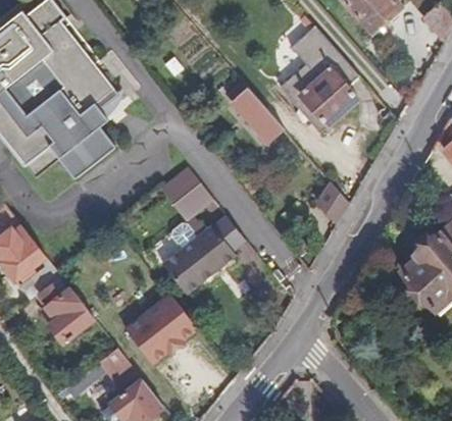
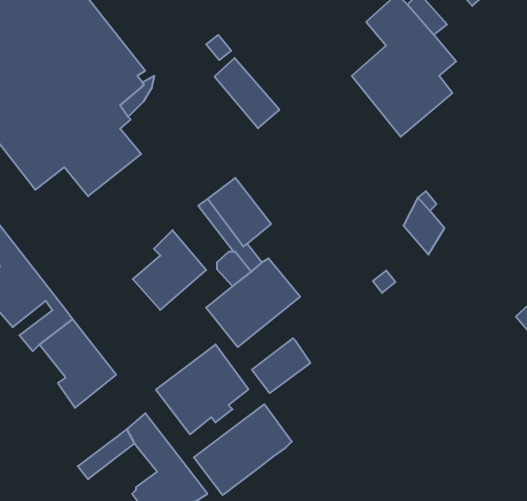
building: [231,87,281,141] -> [215,58,279,128]
building: none -> [133,230,206,310]
building: none -> [252,338,310,393]
building: none -> [194,404,292,495]

